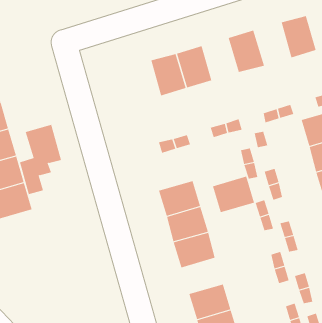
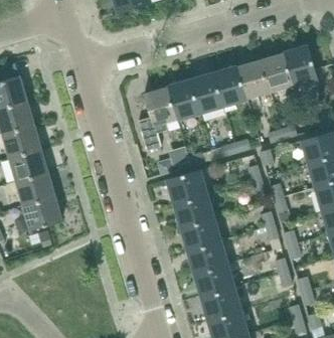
building: none -> [260,53,293,93]
building: none -> [213,67,245,106]
building: [19,124,62,195] -> [138,88,176,151]
building: [212,176,255,213] -> [167,171,205,204]
building: none -> [194,265,232,297]

